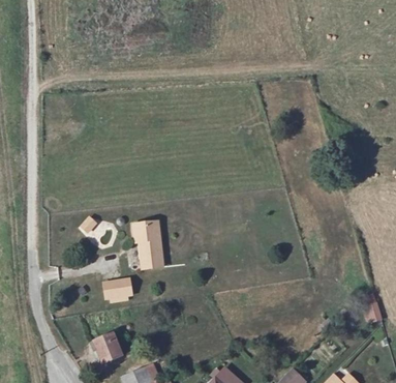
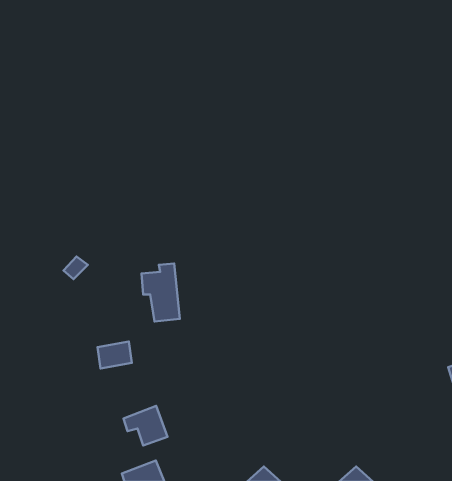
building: [89,333,121,362] -> [123,406,167,445]

